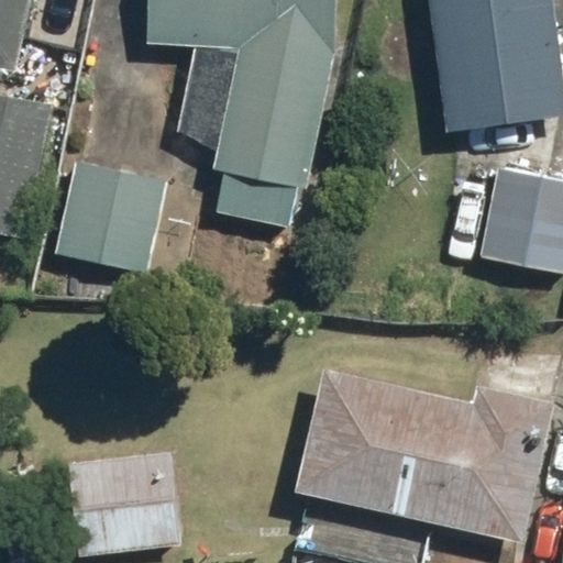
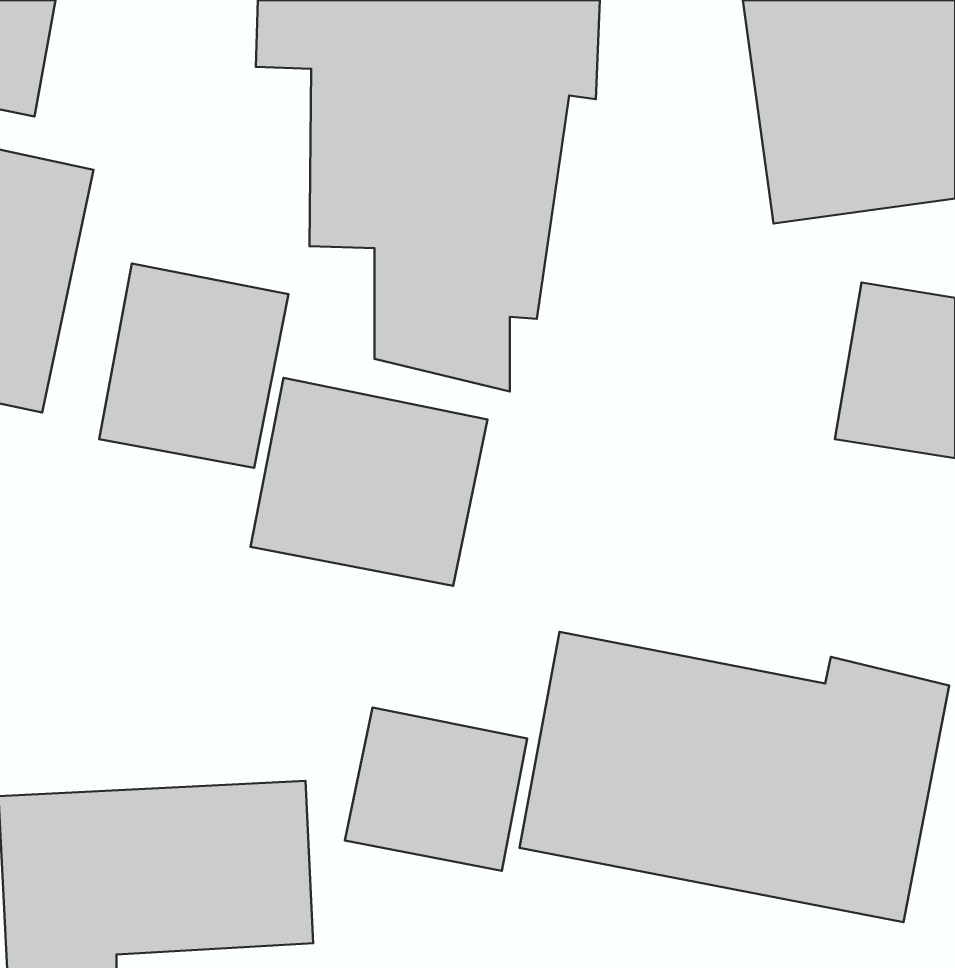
building: none -> [250,378,487,586]
building: none -> [345,707,527,871]

